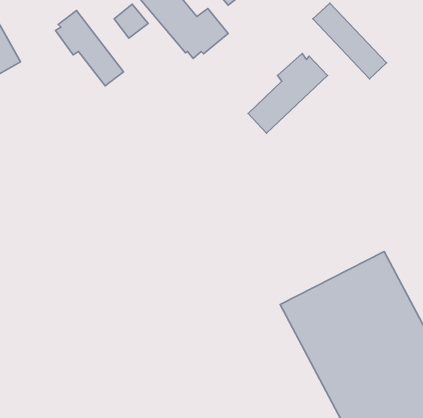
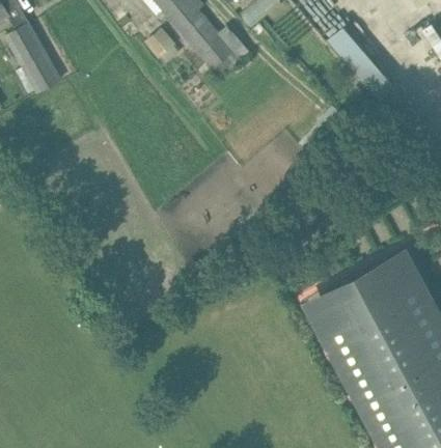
building: [55,10,123,86] -> none
building: [248,54,327,133] -> none

